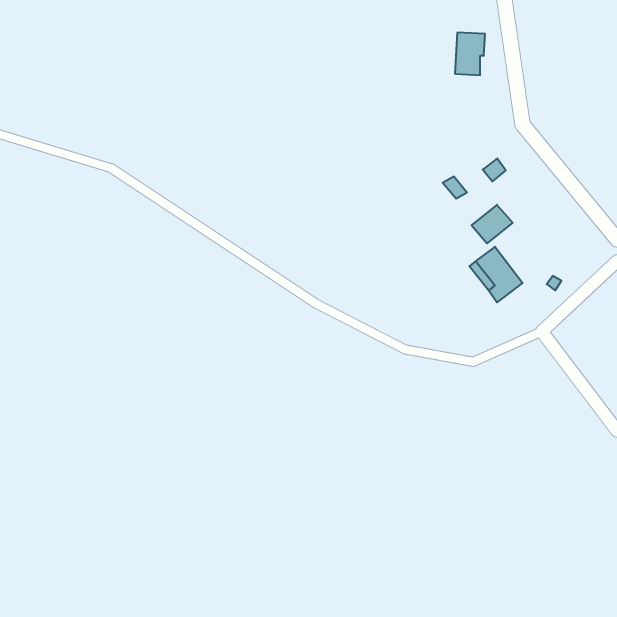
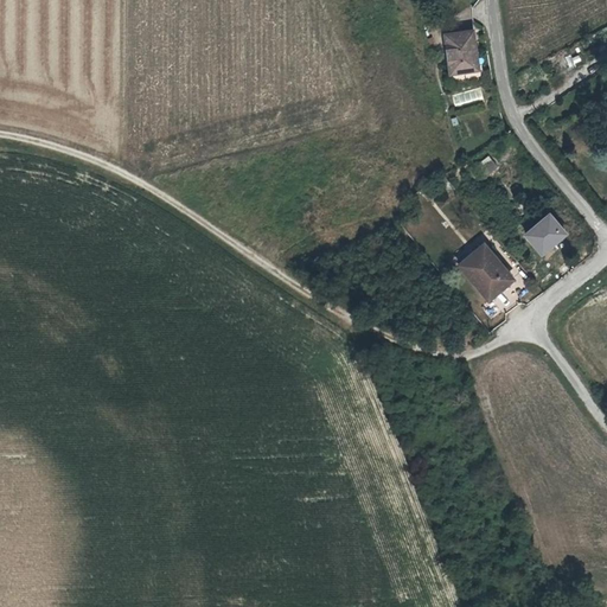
building: [472,205,513,243] -> [528,216,568,254]

